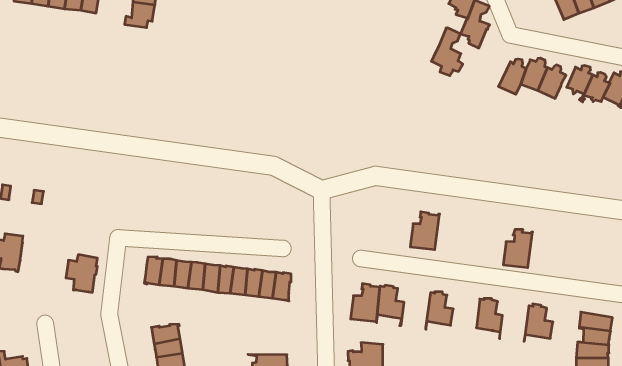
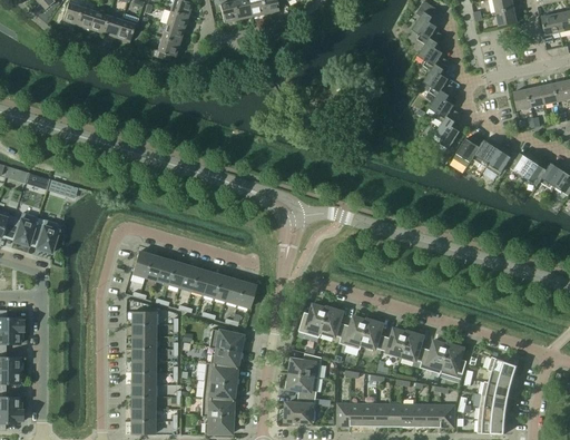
building: [431,28,463,76] -> [435,108,463,148]
building: [410,212,440,250] -> [341,315,370,349]
building: [503,230,533,268] -> [421,340,450,373]
building: [66,255,97,292] -> [32,219,61,253]
building: none -> [382,327,410,355]
building: none -> [209,329,244,352]

